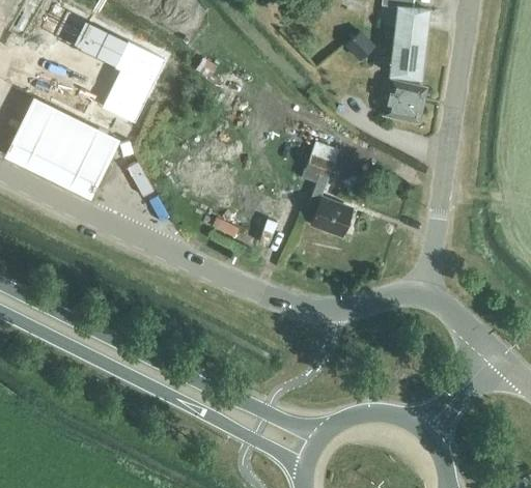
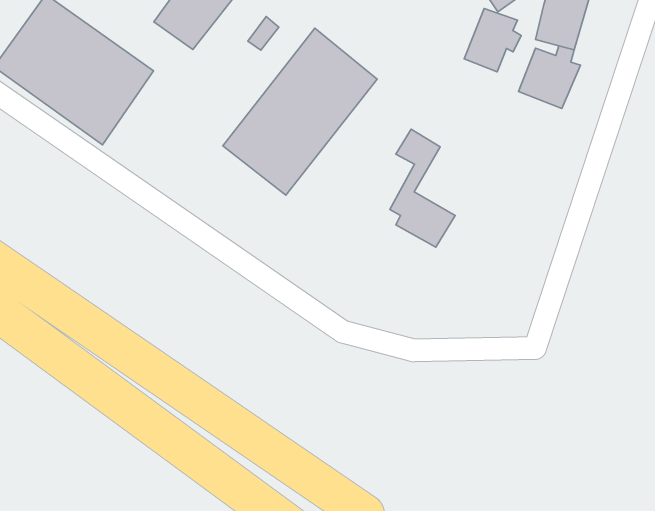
building: none -> [464,9,521,72]
building: none -> [223,28,377,195]

